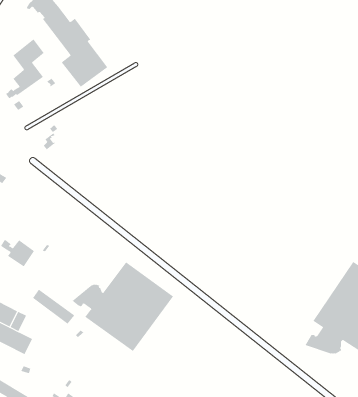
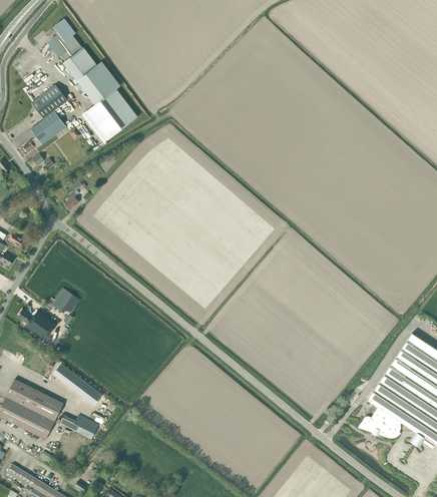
building: none -> [48,288,80,313]
building: [72,261,174,352] -> none
building: none -> [38,395,63,421]
building: none -> [59,413,99,437]

